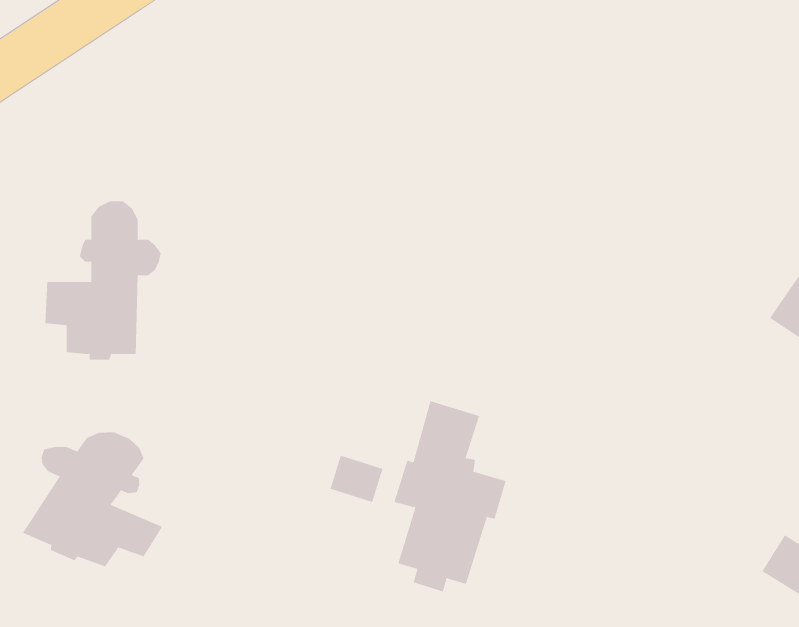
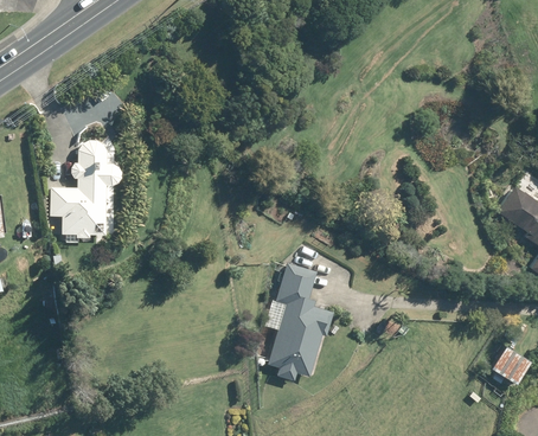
building: [22,431,163,567] -> none
building: [330,455,383,503] -> none

